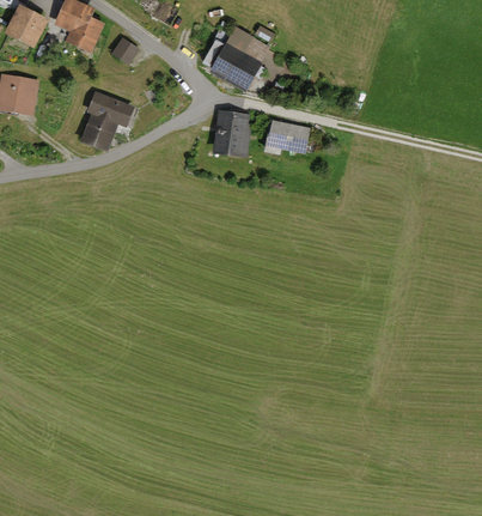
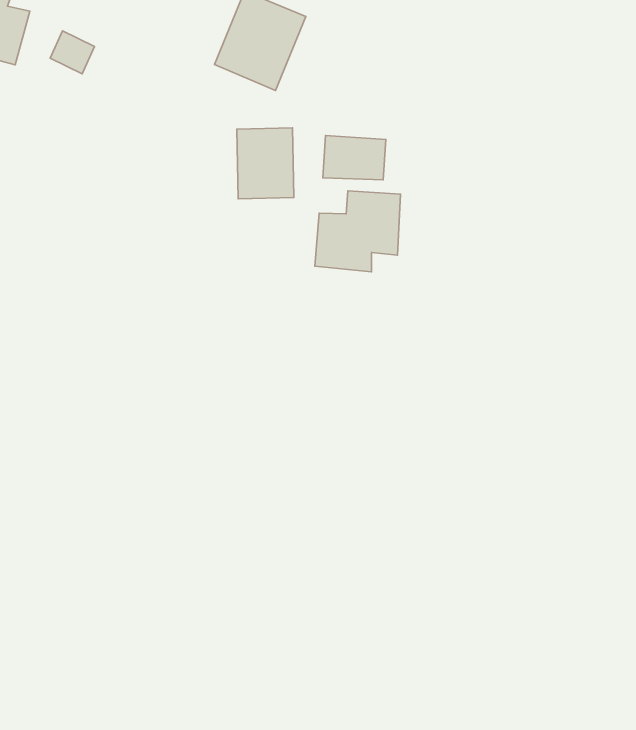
building: [79,91,134,151] -> none
building: none -> [315,191,401,272]

